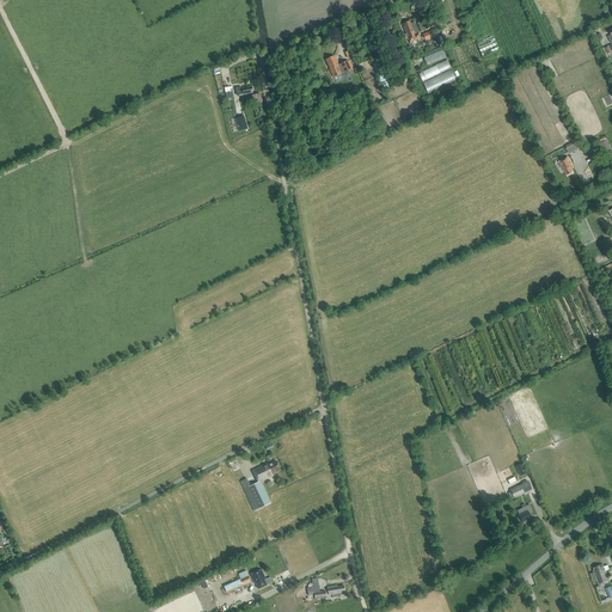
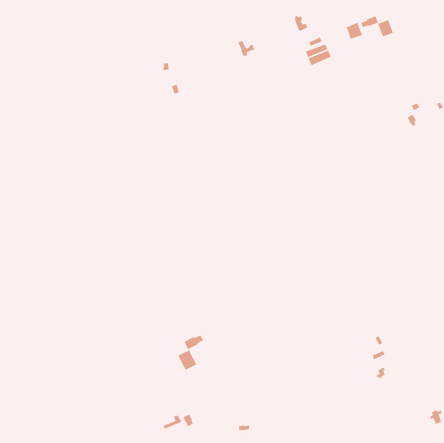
building: none -> [360,15,394,37]

